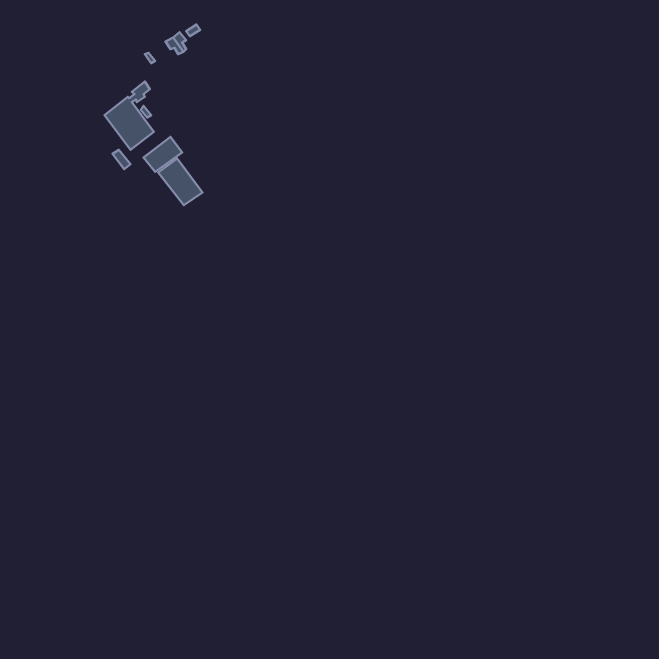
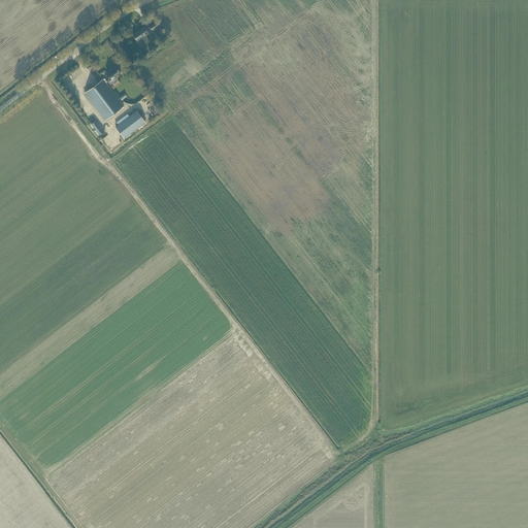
building: [158,158,203,205] -> none

